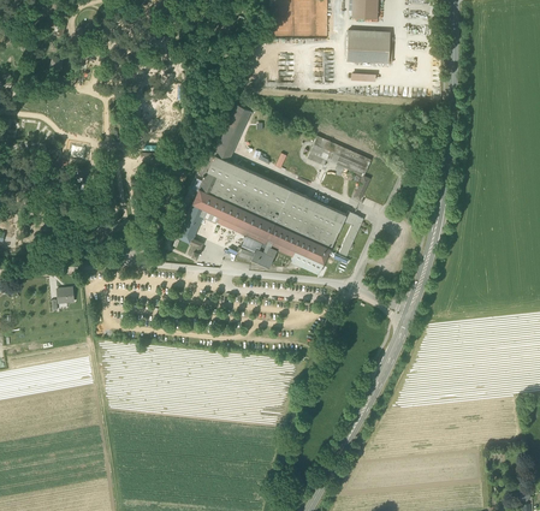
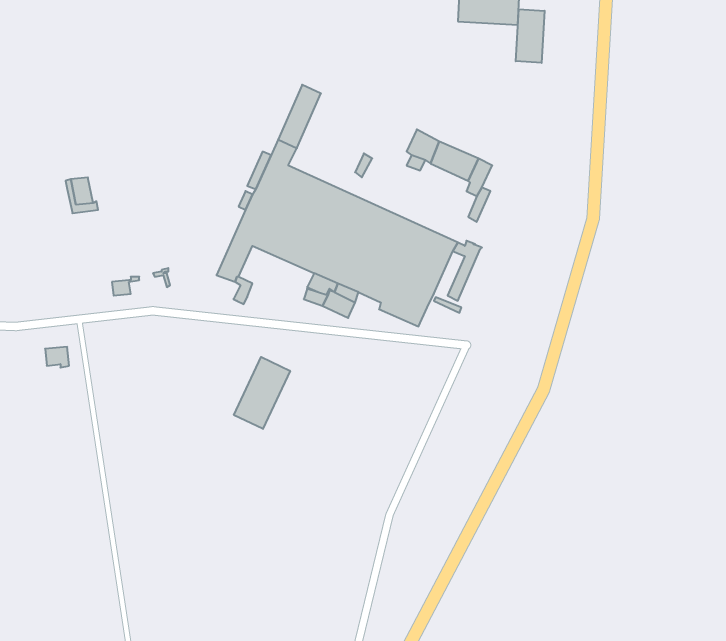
building: none -> [516,9,545,63]
building: none -> [234,357,290,429]

